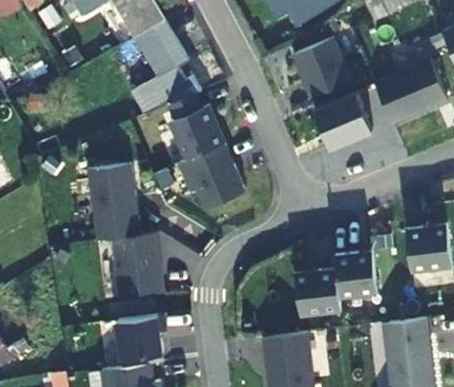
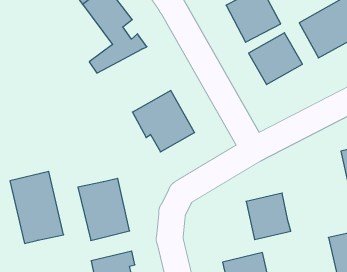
building: [169,93,224,159] -> none
building: [85,164,138,241] -> [10,171,64,243]
building: [332,251,375,299] -> none

